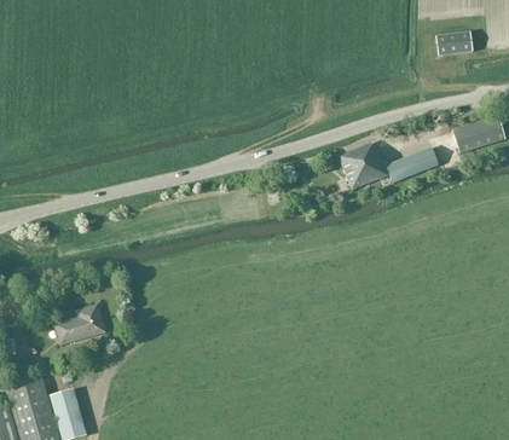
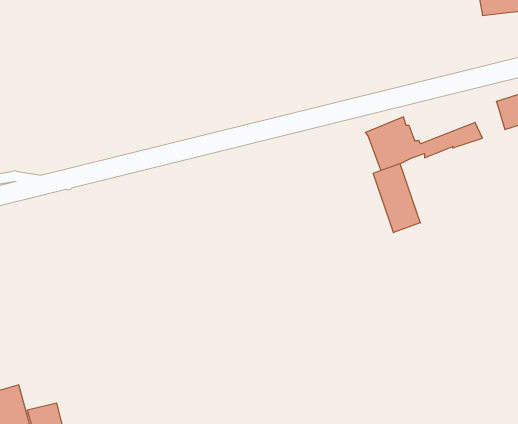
building: none -> [373,164,420,233]
building: [53,303,105,346] -> none

